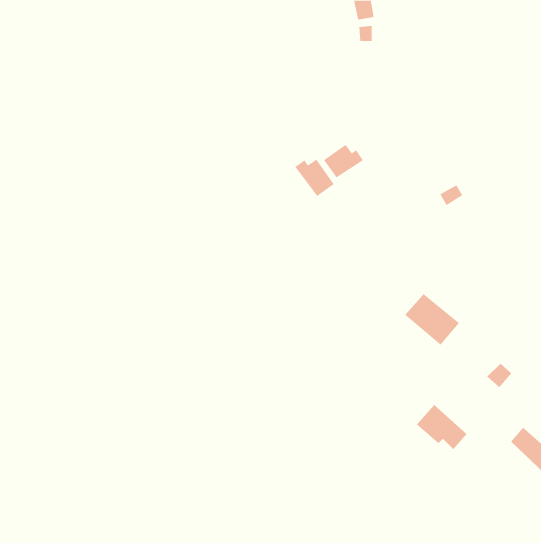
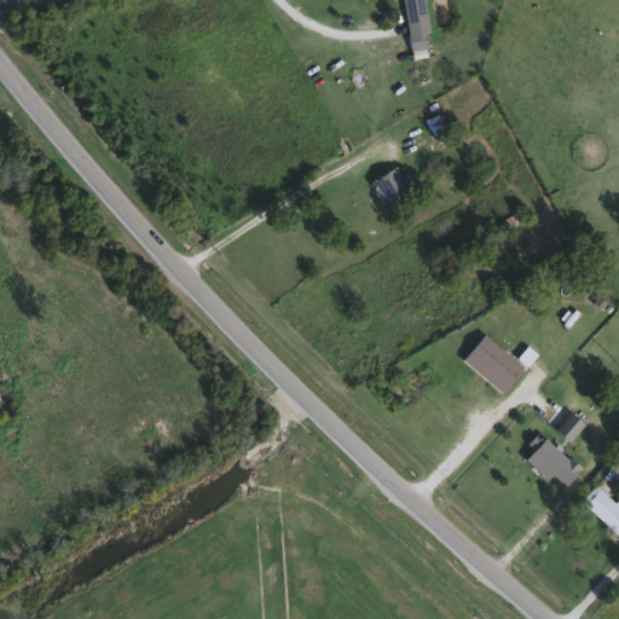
building: [294,159,334,197] -> none
building: [416,404,467,450] -> [525,436,583,488]

